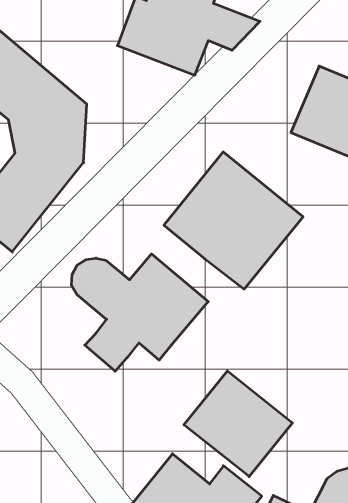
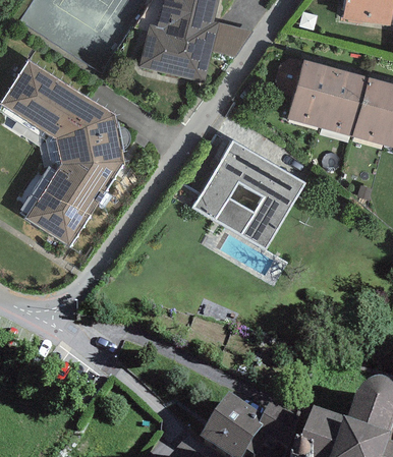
building: [71,254,208,371] -> none
building: [184,371,292,477] -> none

